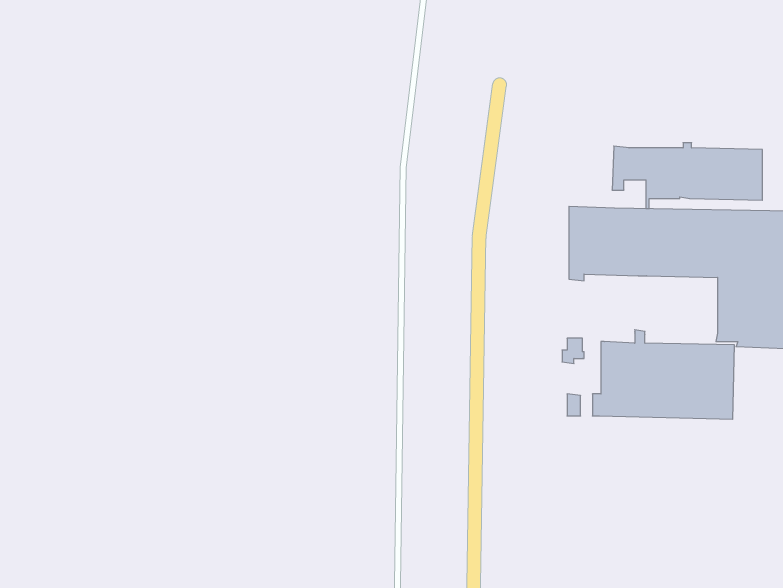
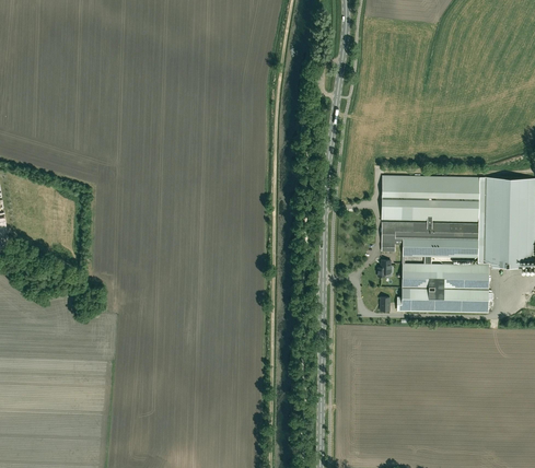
building: [612,143,762,209] -> [381,220,478,262]

